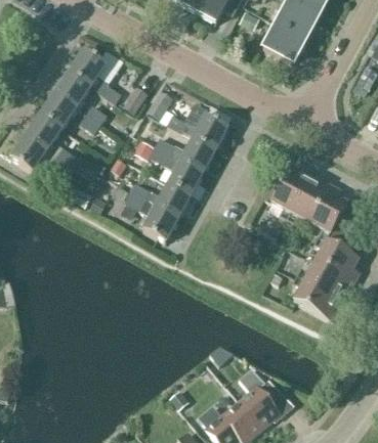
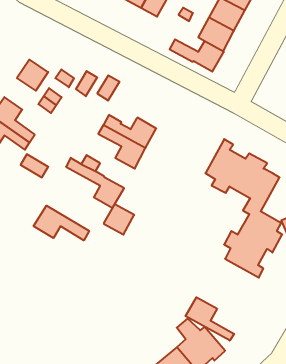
building: [70,49,106,85] -> none
building: [41,92,77,128] -> none
building: [166,113,228,149] -> [170,39,224,72]
building: [156,183,191,218] -> [104,204,134,235]
building: none -> [34,206,89,240]
building: none -> [185,297,234,341]

